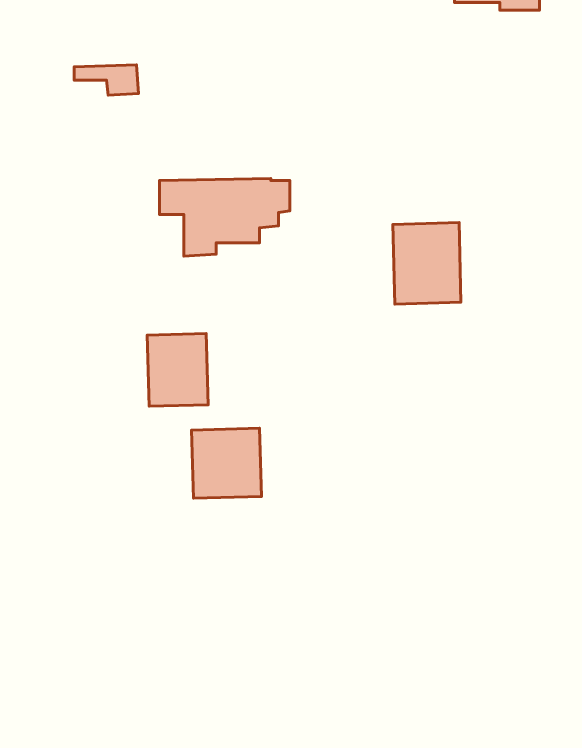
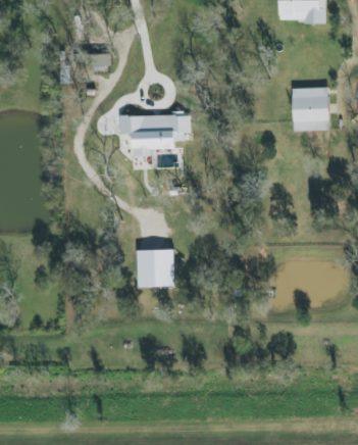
building: [393,223,461,304] -> [292,87,328,131]
building: [147,333,208,406] -> none

